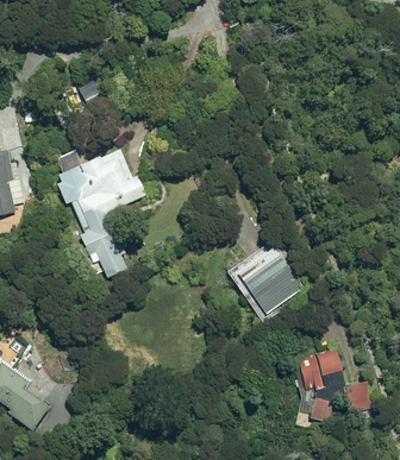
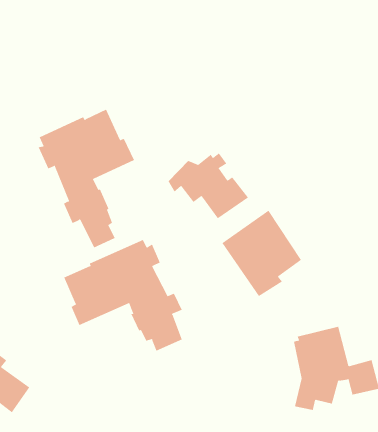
building: none -> [168,153,249,219]
building: none -> [63,239,183,351]

